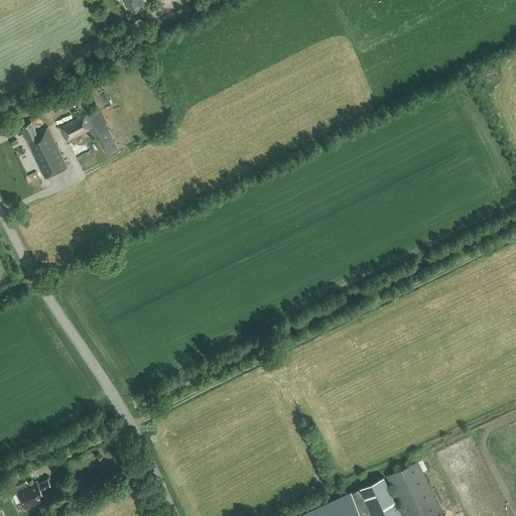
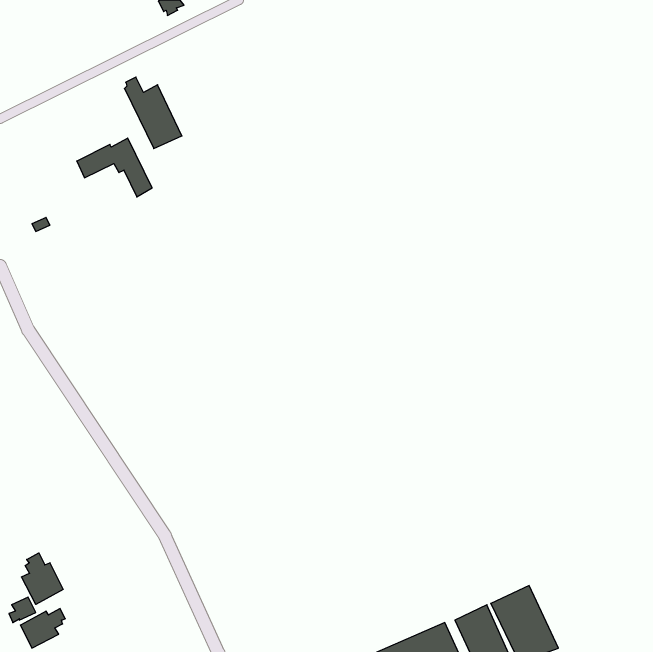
building: [22,122,68,178] -> [124,77,182,149]
building: none -> [21,553,63,604]

